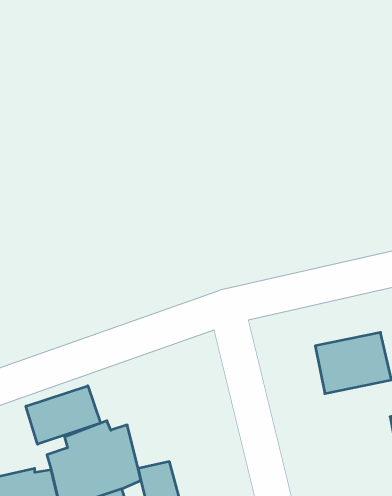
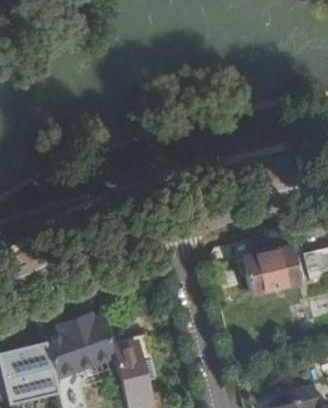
building: [26,386,100,444] -> none

